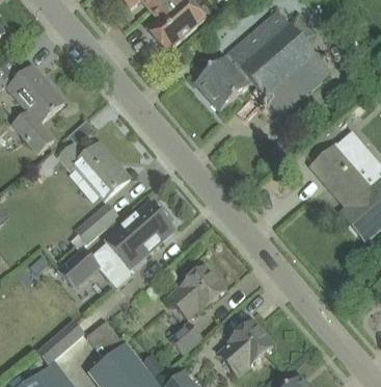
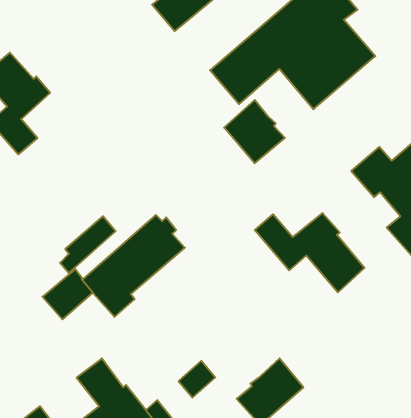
building: none -> [224,100,285,163]
building: [58,143,130,200] -> none
building: none -> [255,213,365,292]
building: [168,266,224,318] -> none
building: [37,320,83,363] -> none

